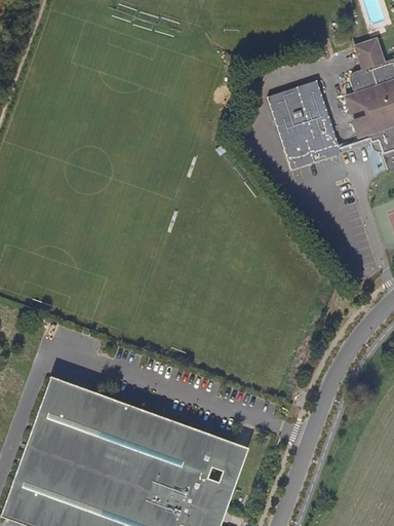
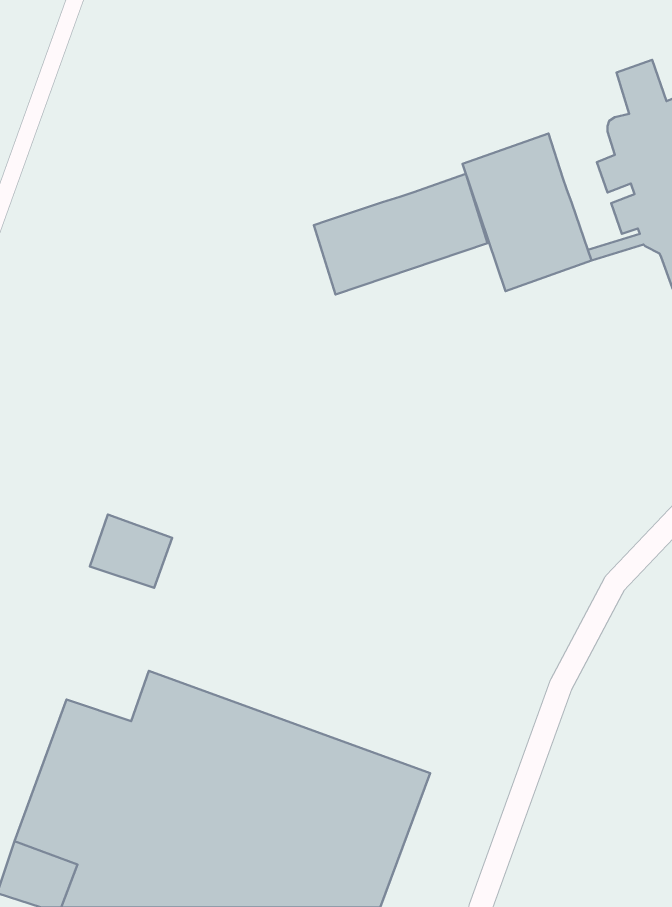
building: none -> [314,174,488,295]
building: [41,376,88,418] -> [90,514,172,588]

